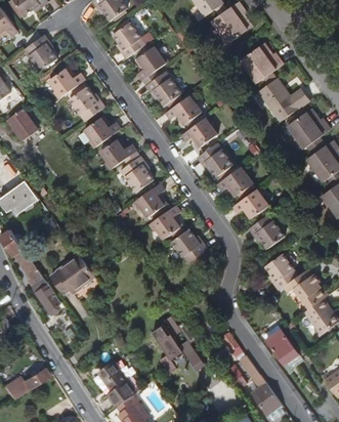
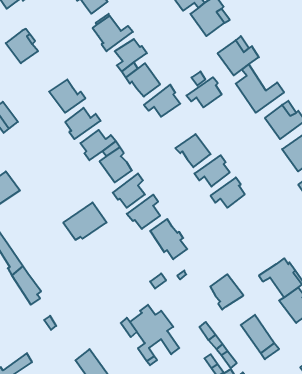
building: [49,67,86,98] -> none
building: [180,115,216,145] -> [186,77,222,107]
building: [248,213,283,247] -> none
building: [265,253,299,289] -> [210,274,243,310]
building: [50,256,94,294] -> [63,202,107,240]

